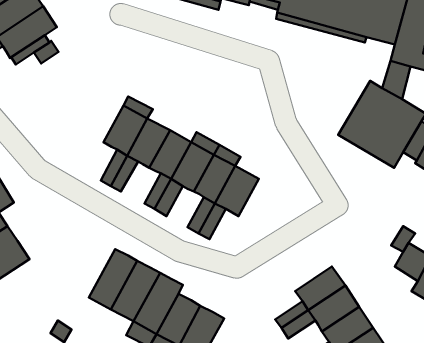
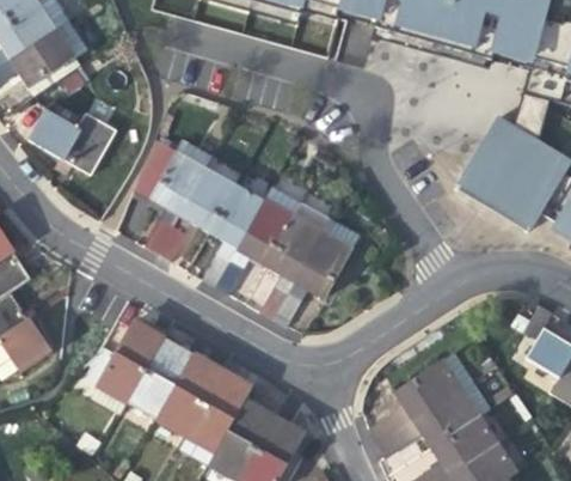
building: none -> [30,106,117,173]
building: none -> [86,321,165,400]

